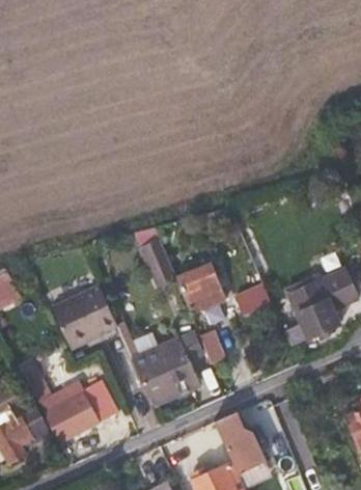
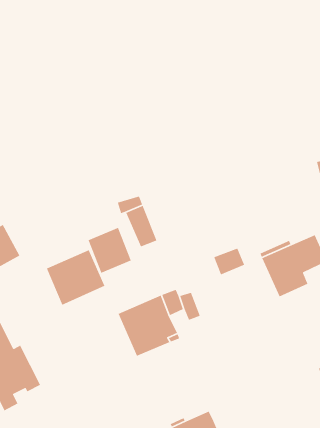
building: [174,262,223,314] -> [87,227,132,274]
building: [17,359,118,443] -> none
building: [214,413,261,474] -> none

